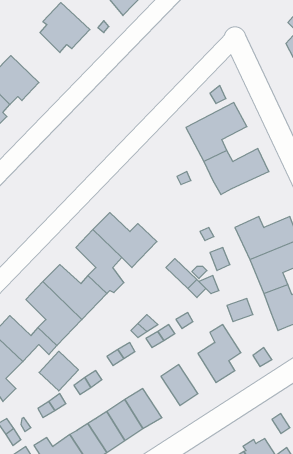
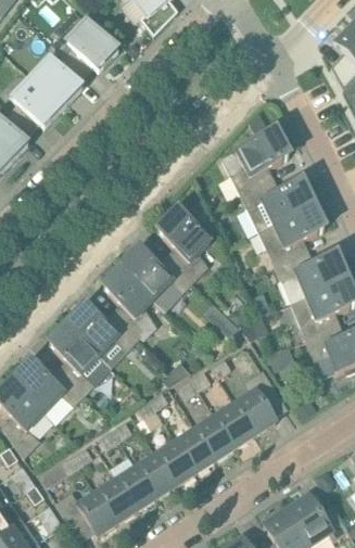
building: none -> [33,53,86,107]
building: none -> [261,204,324,265]
building: none -> [157,208,210,280]
building: [39,351,78,391] -> none
building: none -> [215,402,255,445]
building: none -> [176,426,216,471]

